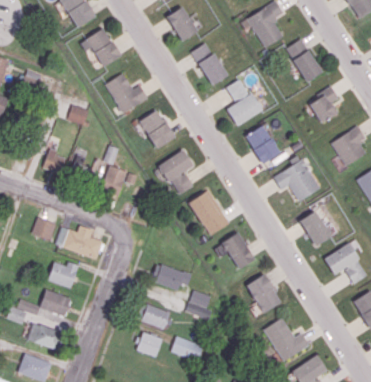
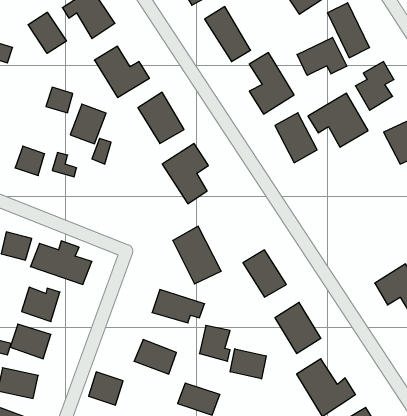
building: none -> [28,12,66,53]
building: none -> [297,37,347,75]
building: [273,159,320,201] -> [308,93,368,147]
building: [99,165,127,196] -> [70,104,106,144]
building: [190,190,228,235] -> [173,226,221,284]
building: [301,211,330,246] -> none
building: none -> [230,349,266,379]
building: [135,331,162,357] -> [89,372,123,405]

